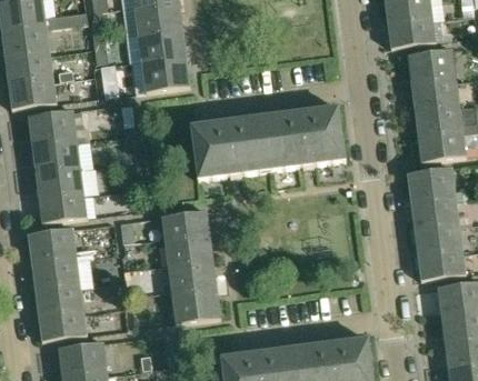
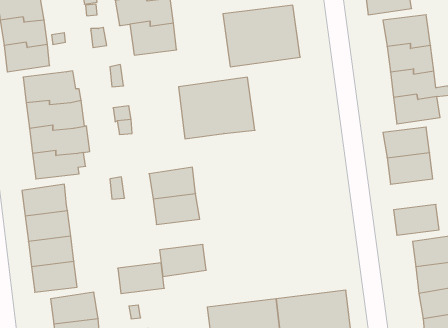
building: [263,106,345,170] -> [223,5,300,67]
building: [414,221,461,253] -> none
building: [168,263,217,295] -> [118,263,164,294]

